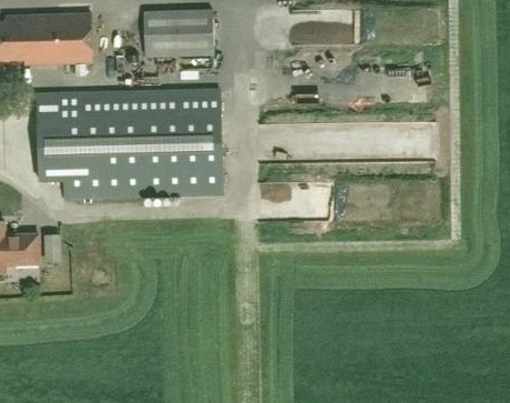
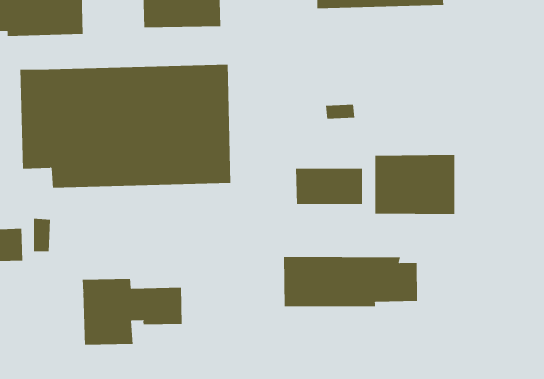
building: none -> [375,154,455,215]
building: none -> [283,256,417,307]
building: none -> [82,278,182,346]

